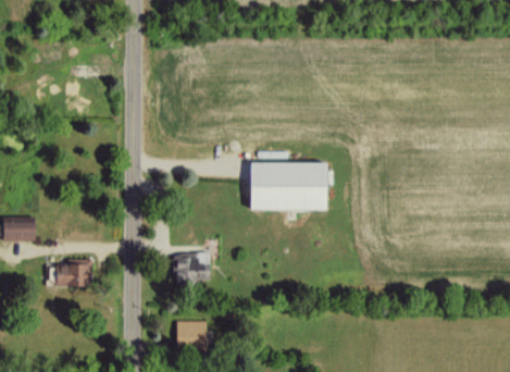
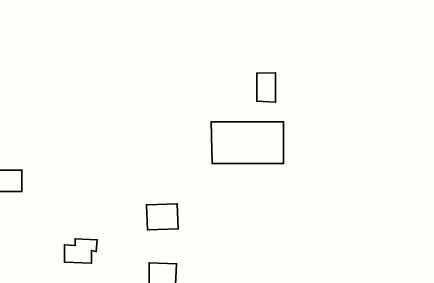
building: none -> [257,73,275,102]
building: [55,259,92,286] -> [64,239,97,263]

